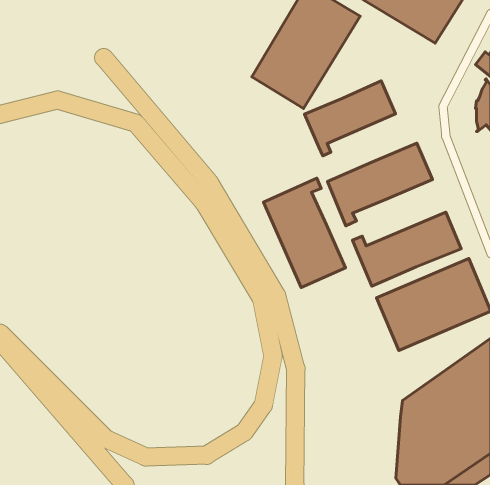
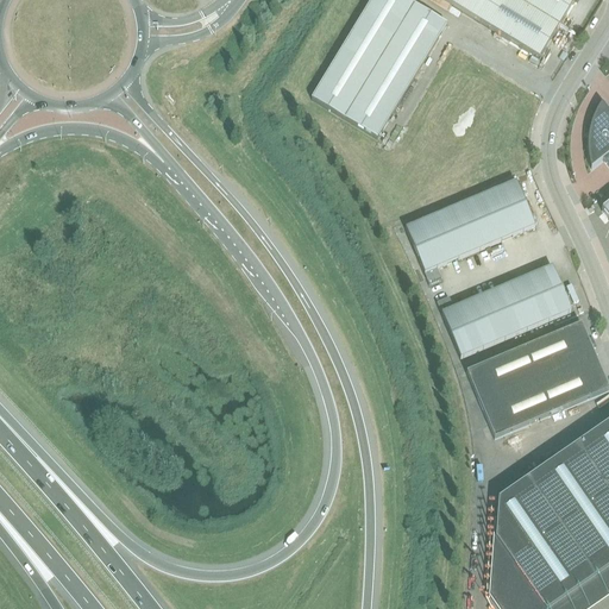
building: [305,81,396,156] -> none
building: [264,178,346,288] -> none

